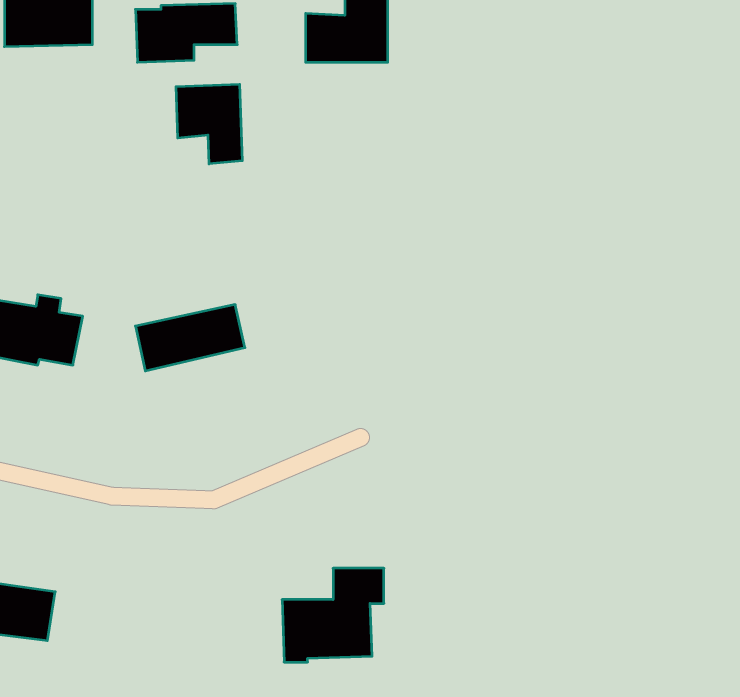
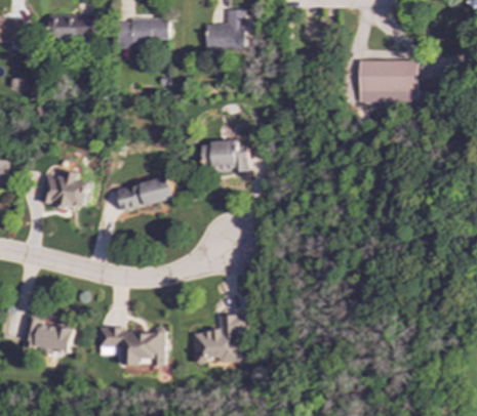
building: none -> [358,59,416,102]
building: [176,84,242,164] -> none
building: none -> [201,141,248,172]
building: none -> [97,327,164,366]

